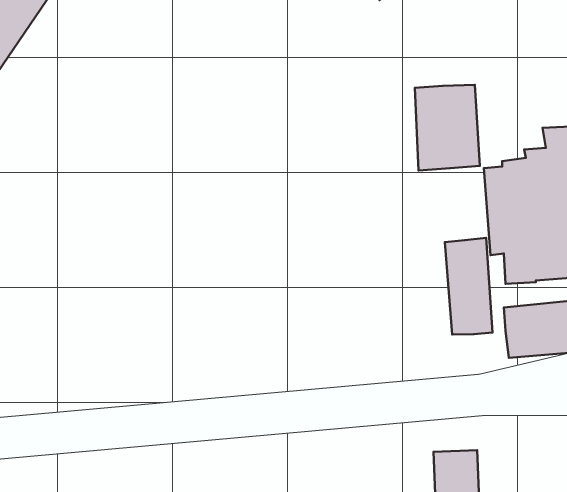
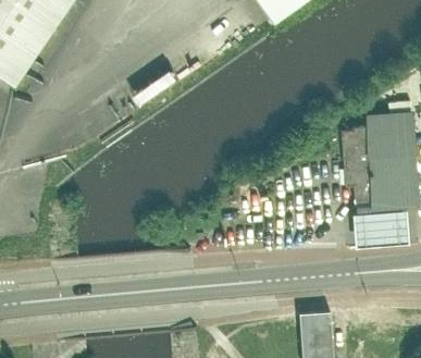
building: [415,85,480,171] -> none
building: [445,238,493,335] -> none

